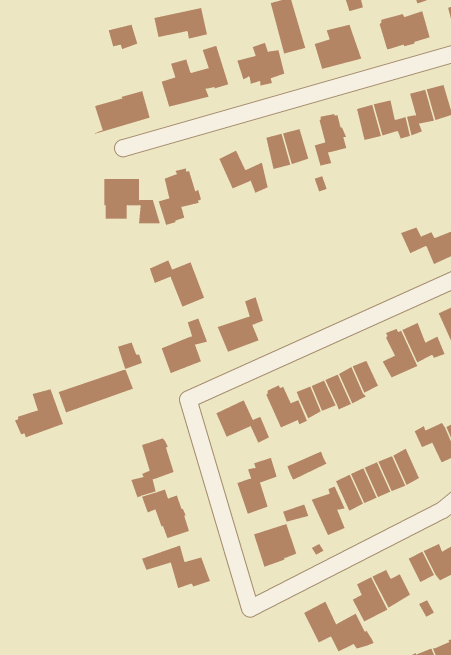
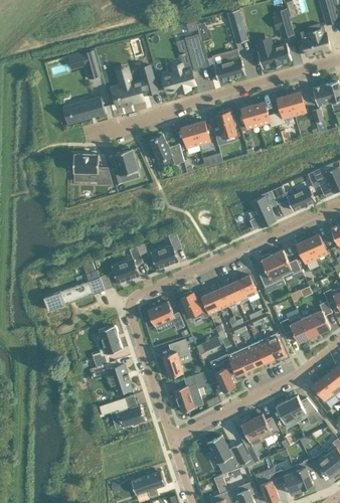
building: none -> [248,190,277,229]
building: [149,260,205,308] -> none
building: [14,389,64,438] -> none

